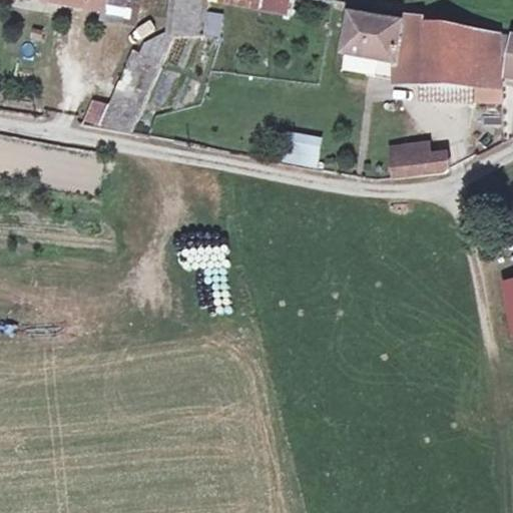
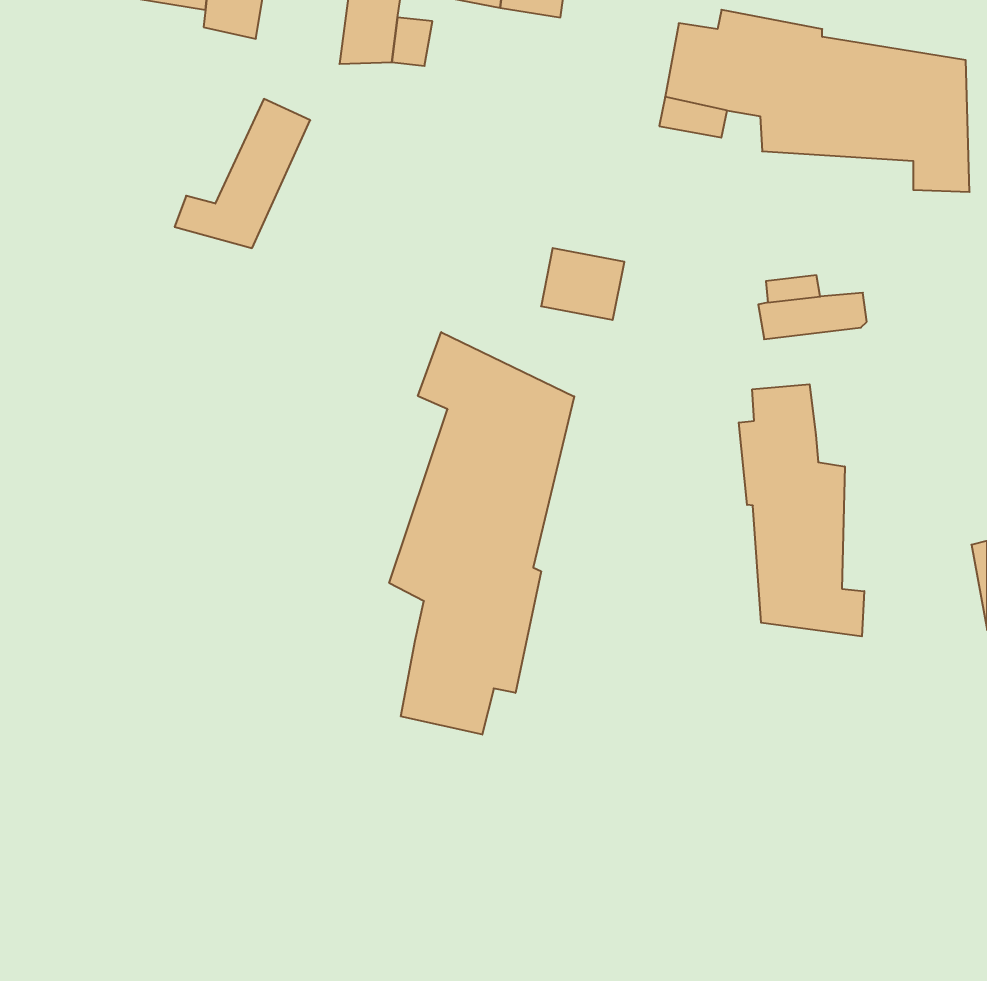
building: none -> [389,332,574,735]
building: none -> [739,384,864,636]

